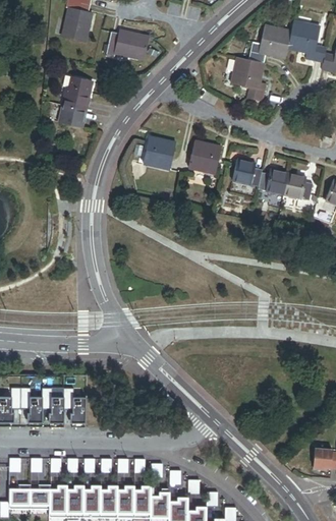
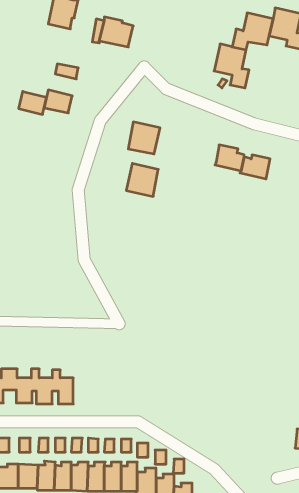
building: [61,86,90,110] -> [19,91,47,114]
building: [187,140,220,174] -> [126,163,158,196]
building: [283,174,312,199] -> none

